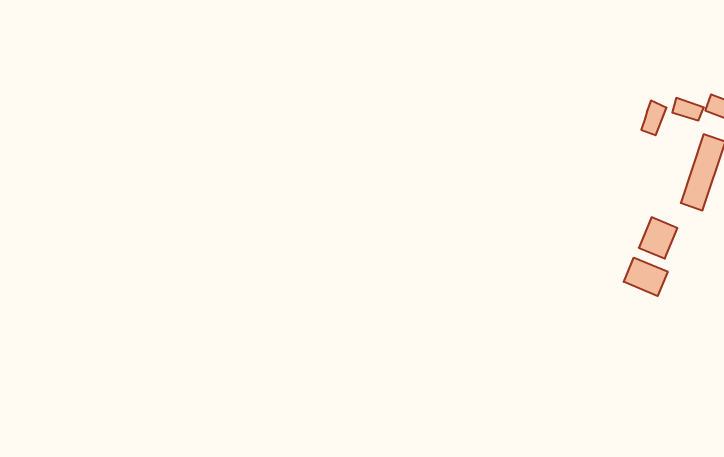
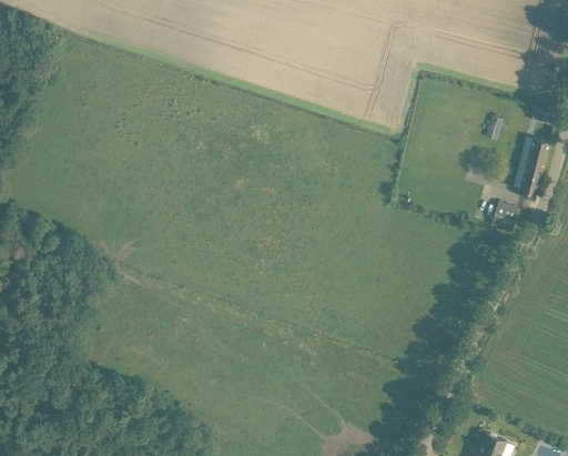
building: [624,258,668,296] -> none

